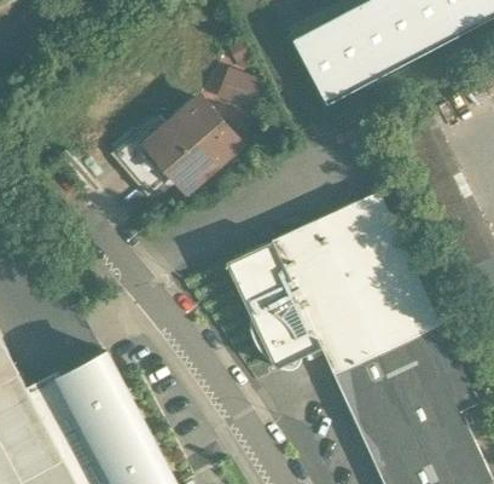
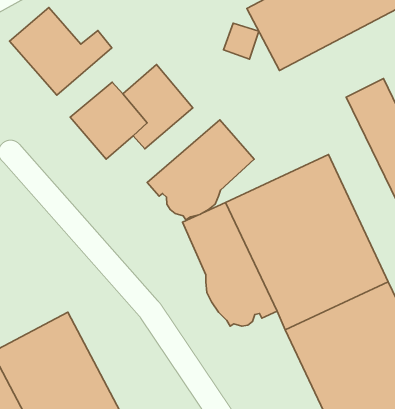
building: none -> [9,8,112,95]
building: [220,70,256,108] -> [224,23,259,59]
building: none -> [147,120,254,220]

